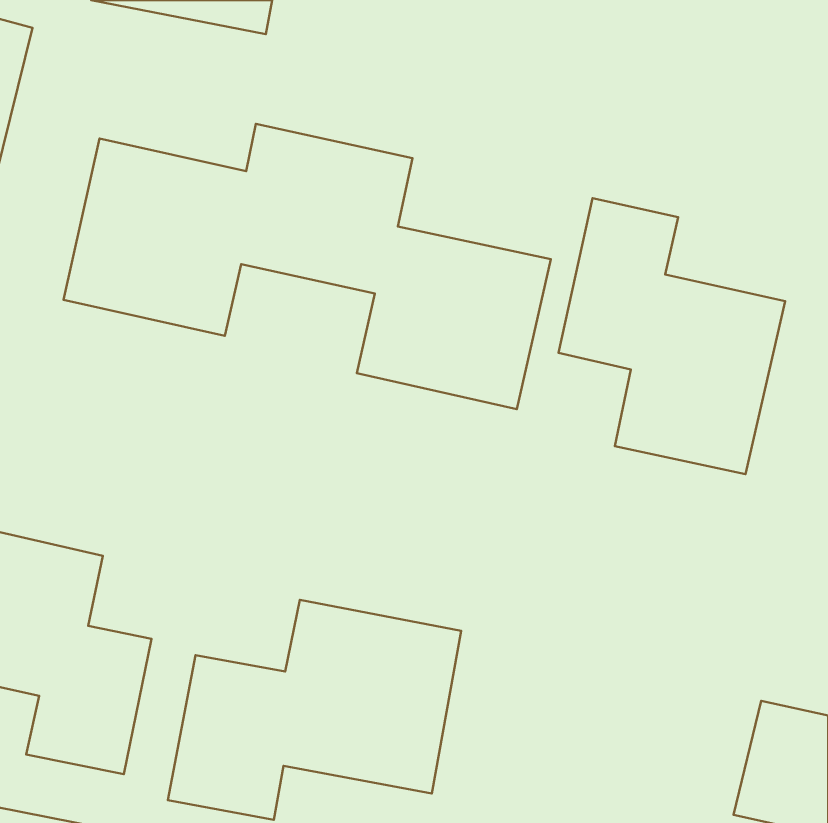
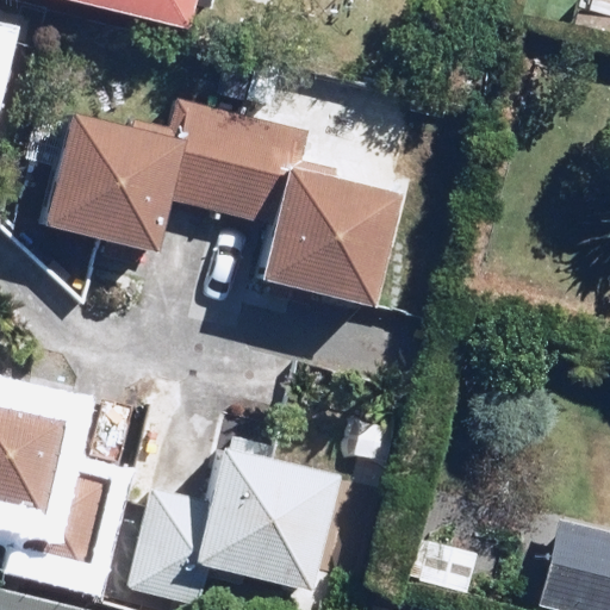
building: [559,198,785,474] -> none

